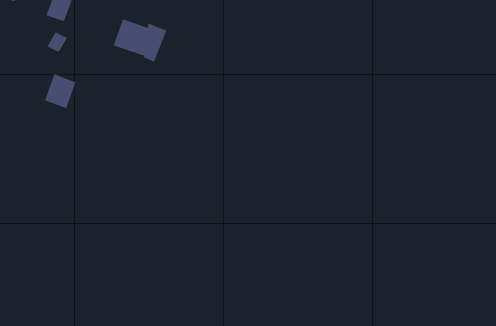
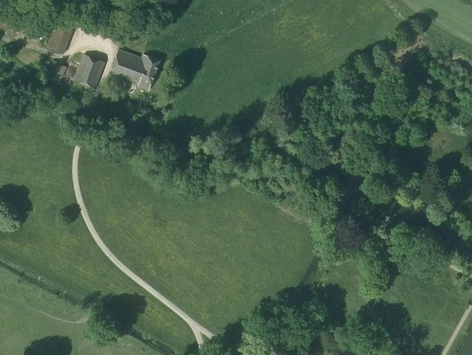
building: [44,74,76,109] -> [75,55,105,88]

